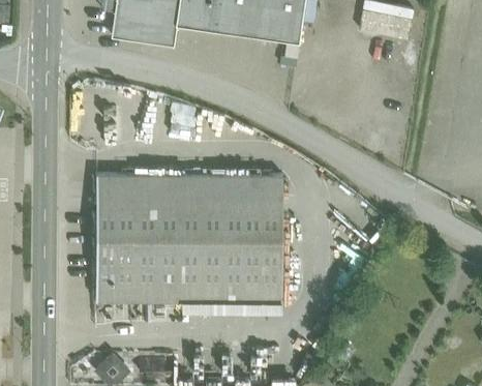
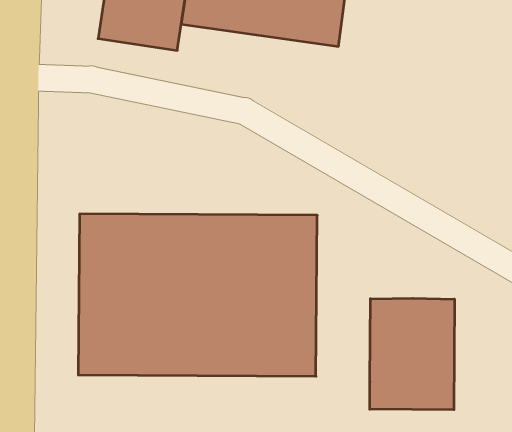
building: none -> [370,298,454,410]

